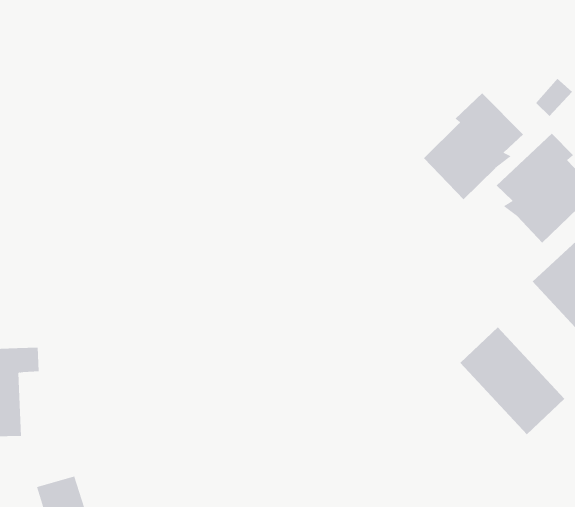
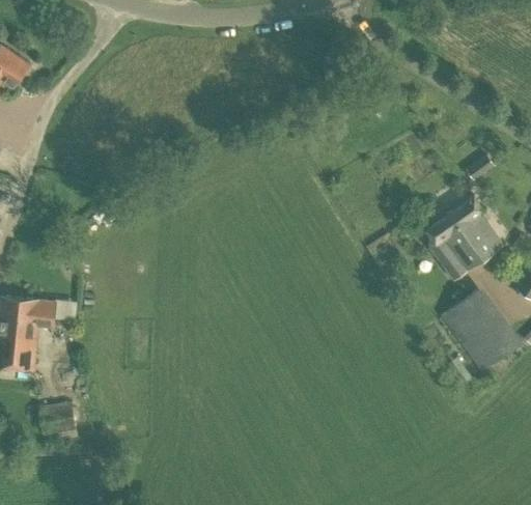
building: [423,93,524,200] -> none
building: [459,326,565,435] -> none

